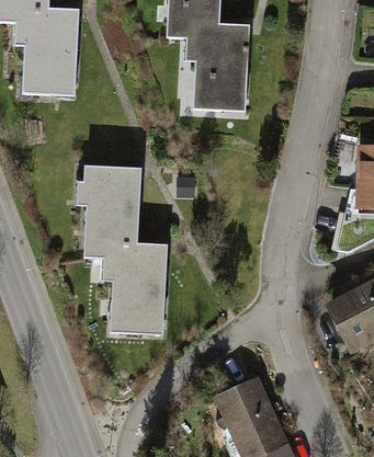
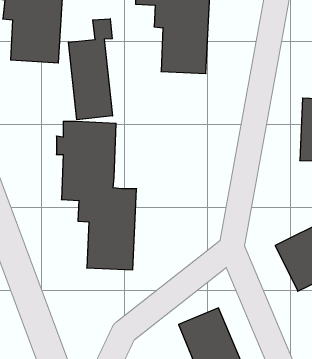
building: none -> [68,19,112,120]

